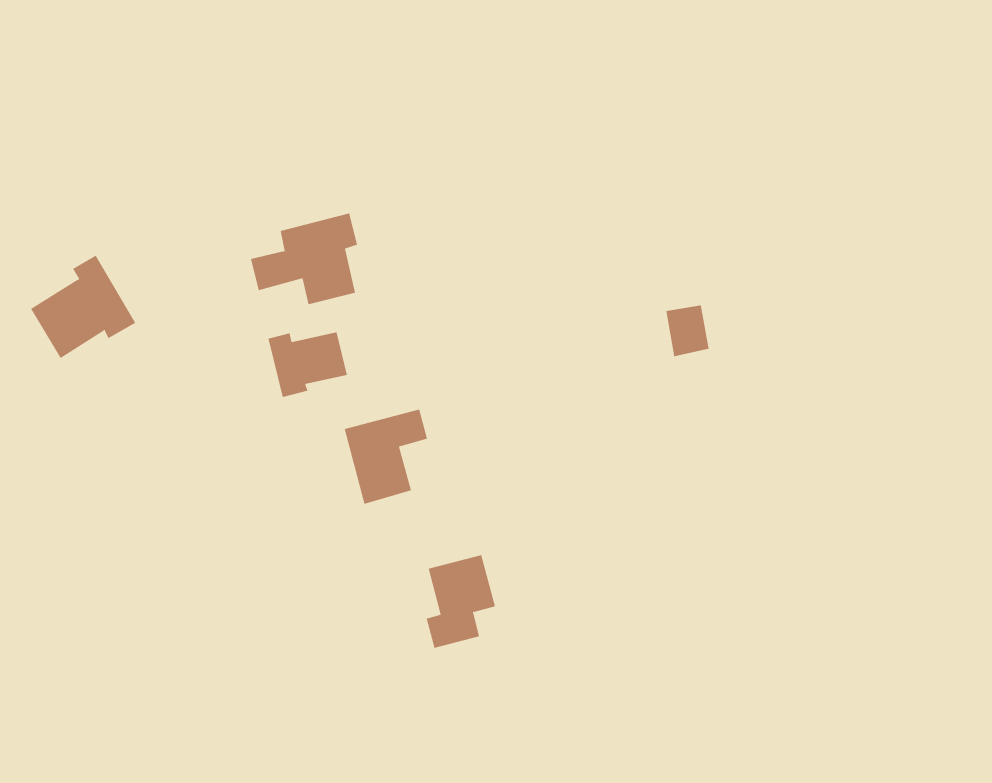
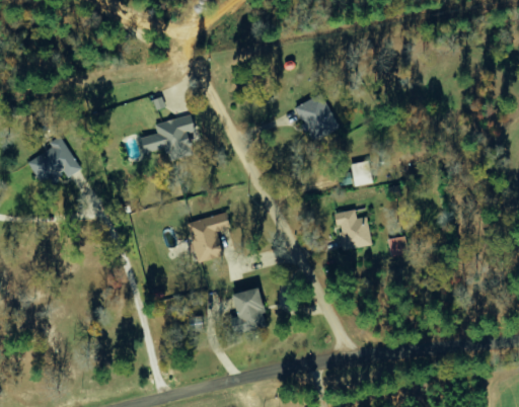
building: none -> [297,93,339,139]
building: [268,331,348,398] -> none
building: none -> [336,209,373,250]

